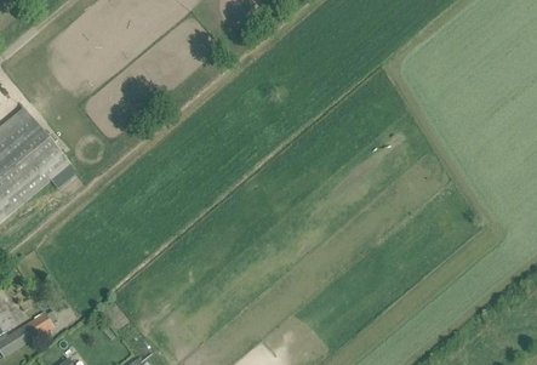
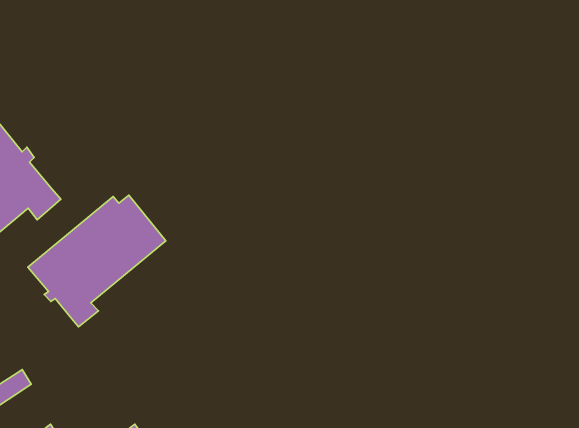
building: none -> [28,195,166,327]

